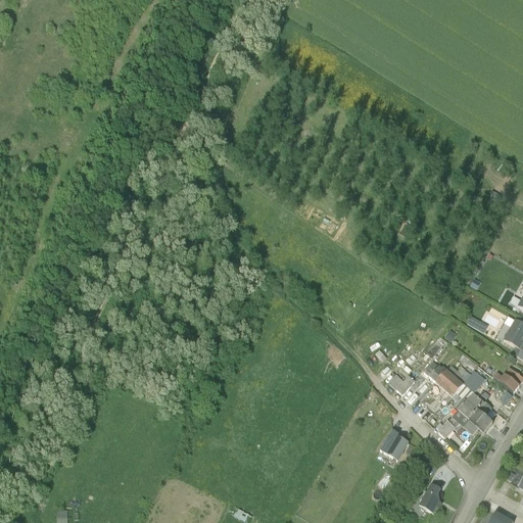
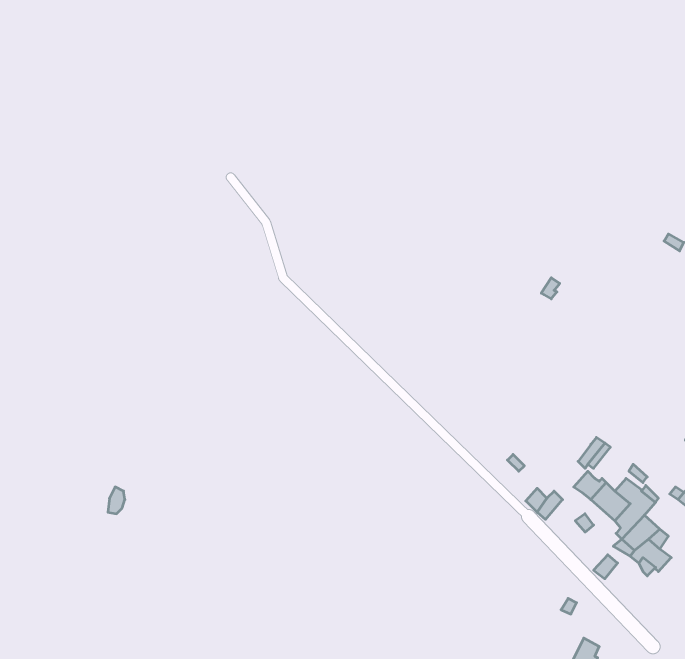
building: [380,429,410,459] -> none

